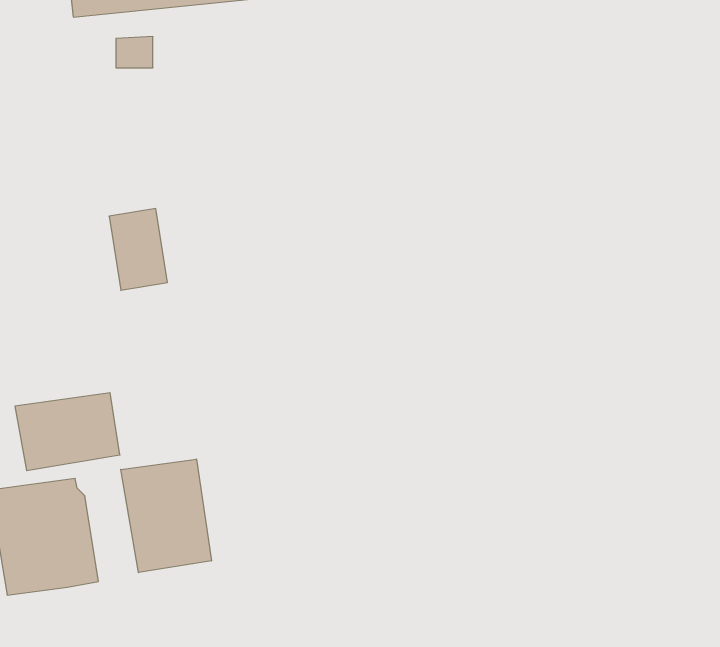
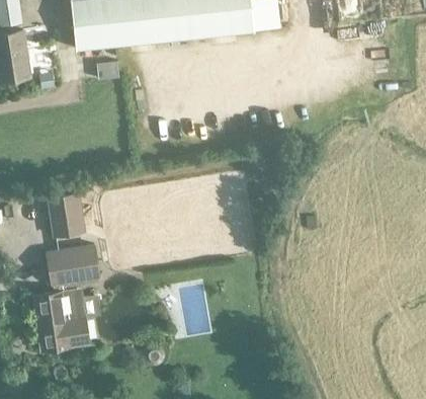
building: [109,209,167,290] -> [50,193,80,236]
building: [121,459,211,573] -> none

